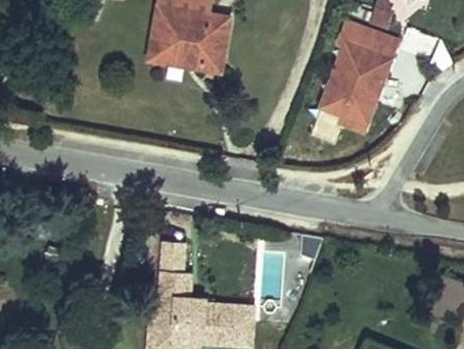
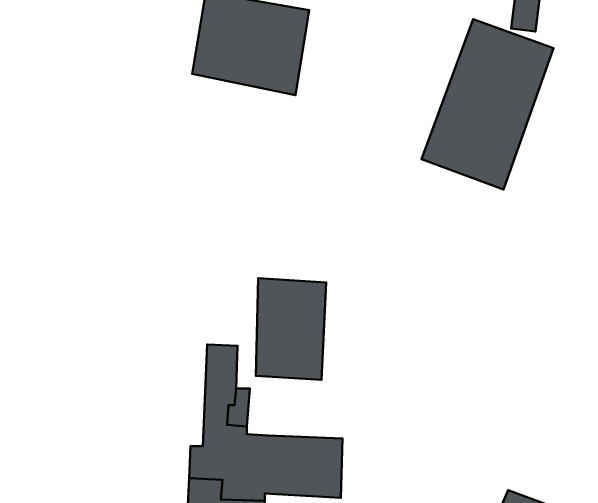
building: none -> [256,278,326,380]

